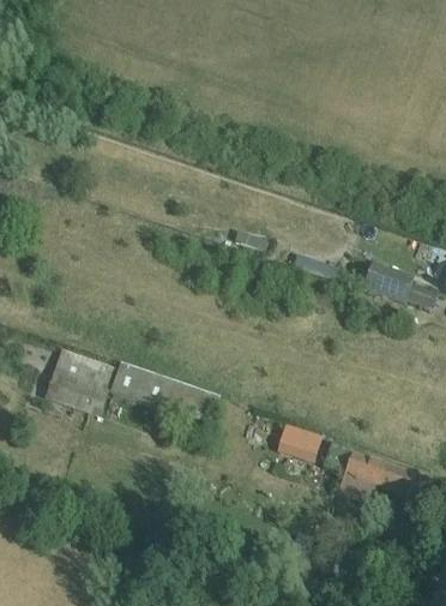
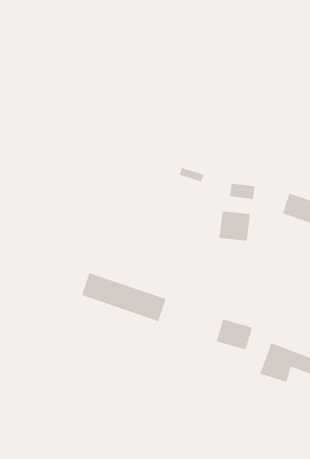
building: none -> [219,210,251,242]
building: [43,350,114,414] -> none

